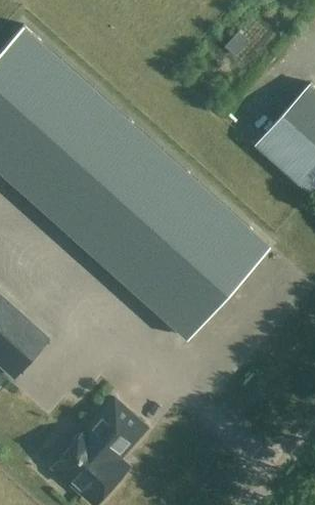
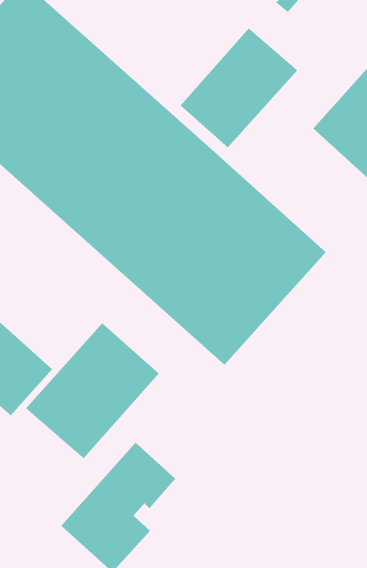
building: none -> [180,28,298,148]
building: none -> [25,322,159,459]

